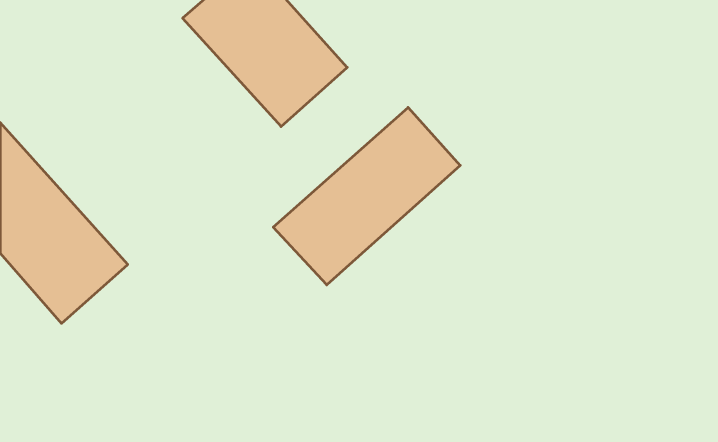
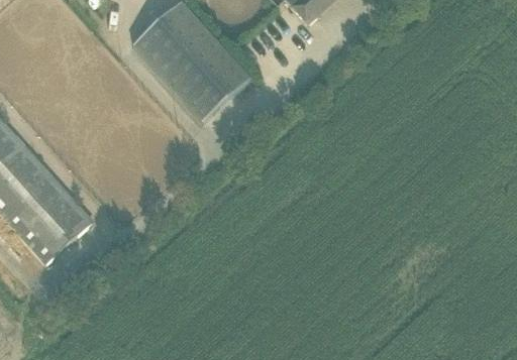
building: [273,107,460,285] -> none

